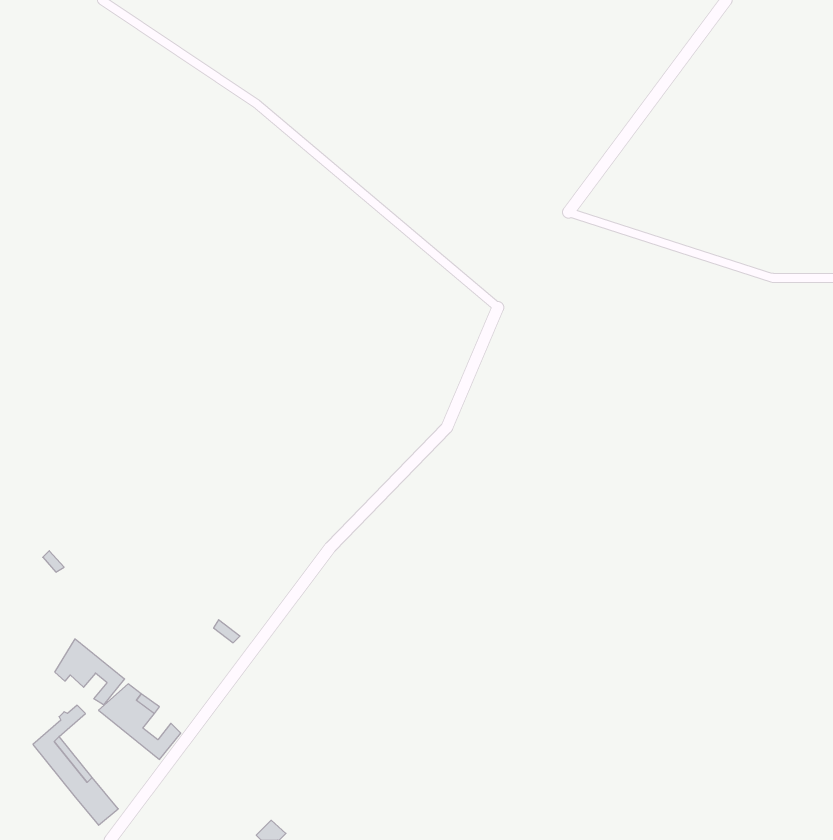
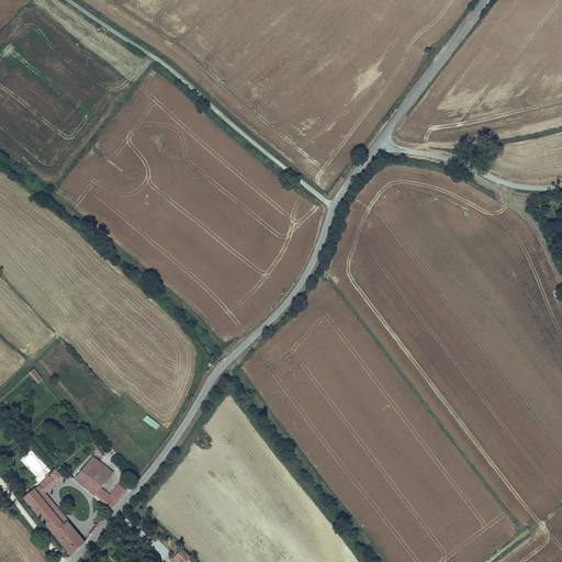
building: [55,639,125,705] -> none

